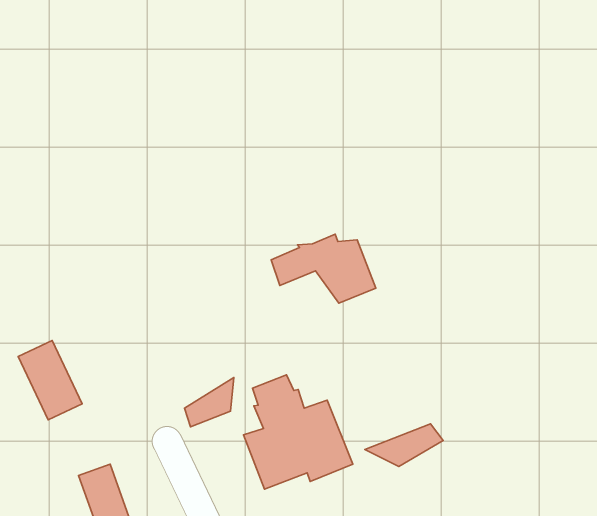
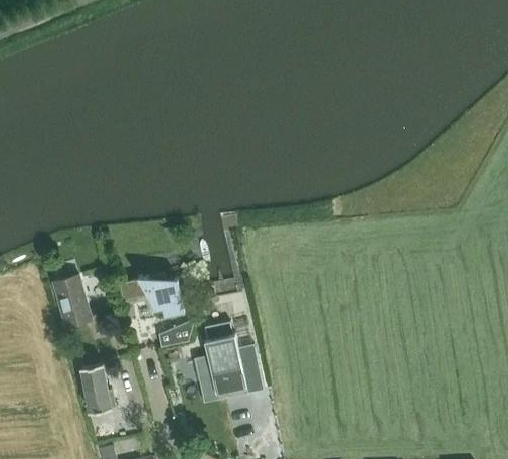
building: [271,234,376,303] -> [119,273,185,319]
building: [365,424,443,467] -> none

